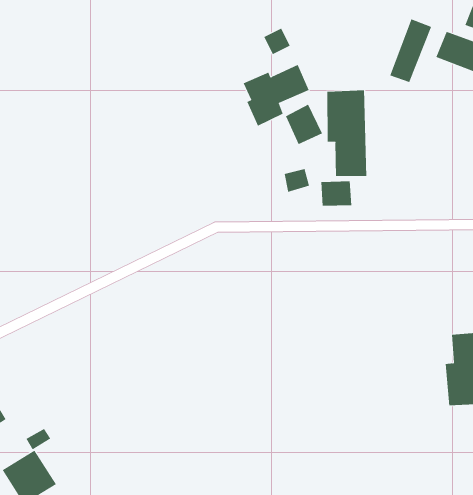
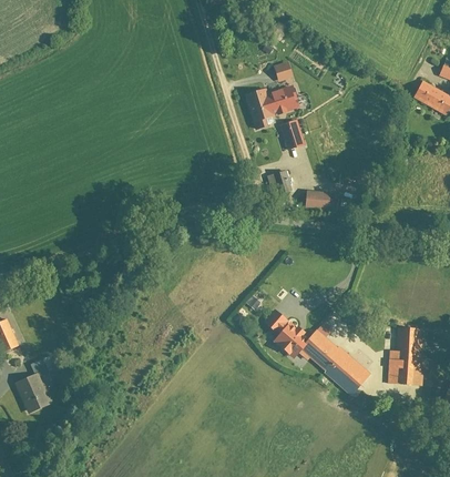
building: [389,19,432,83] -> none
building: [327,90,367,177] -> none
building: none -> [259,302,367,394]

